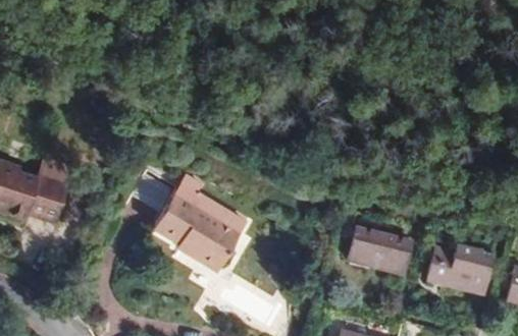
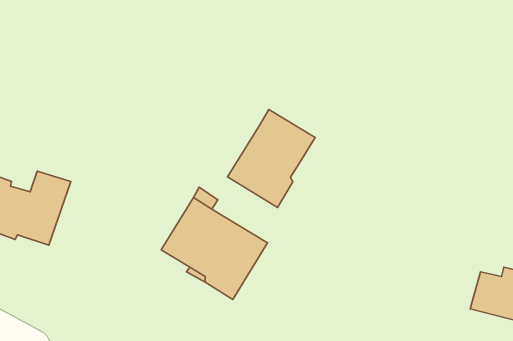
building: none -> [228,110,315,208]
building: [347,226,411,275] -> none

